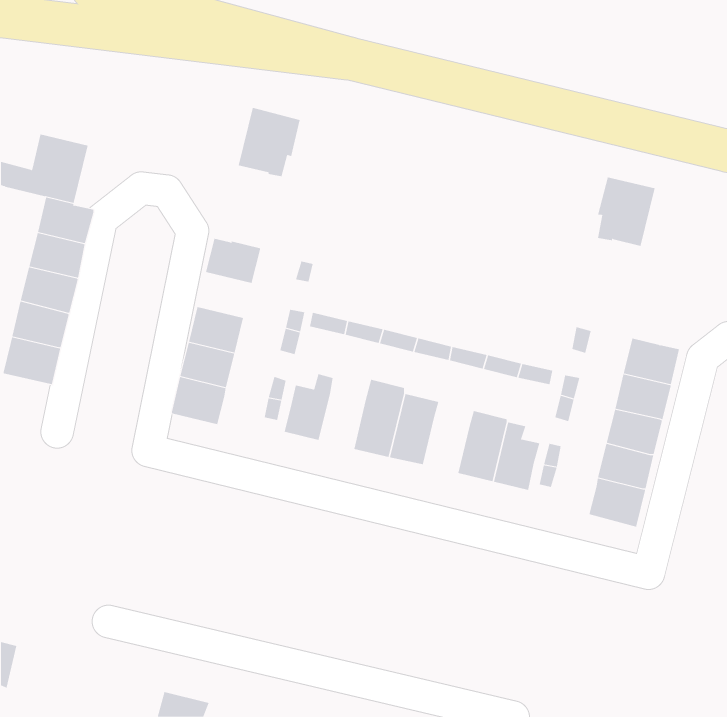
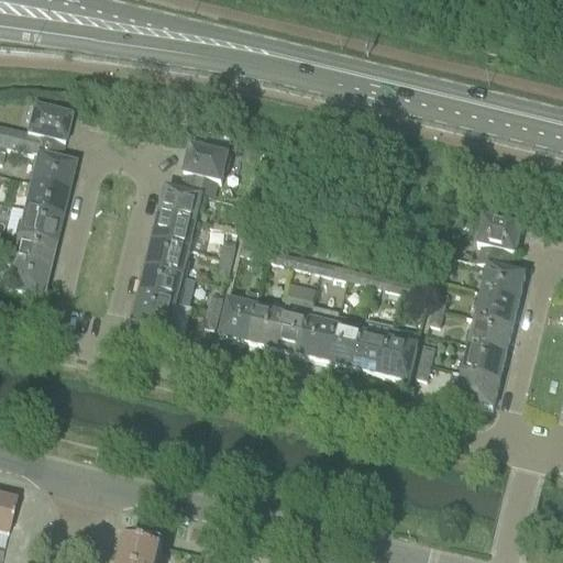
building: [238,107,301,177] -> [179,141,228,195]
building: [597,177,656,247] -> [476,212,521,266]
building: none -> [153,210,196,245]
building: none -> [247,303,283,346]
building: none -> [328,322,363,365]

